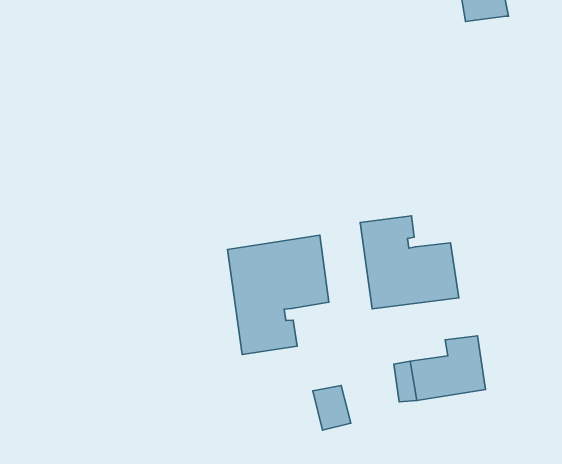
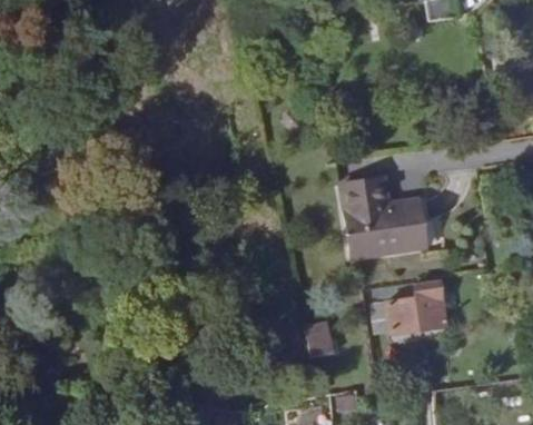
building: [227,235,329,354] -> none

